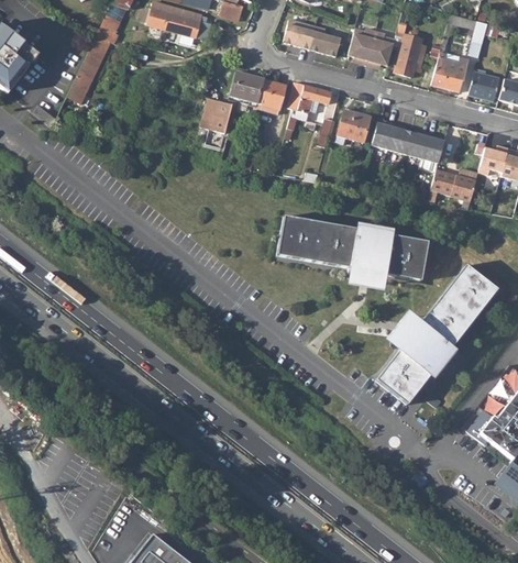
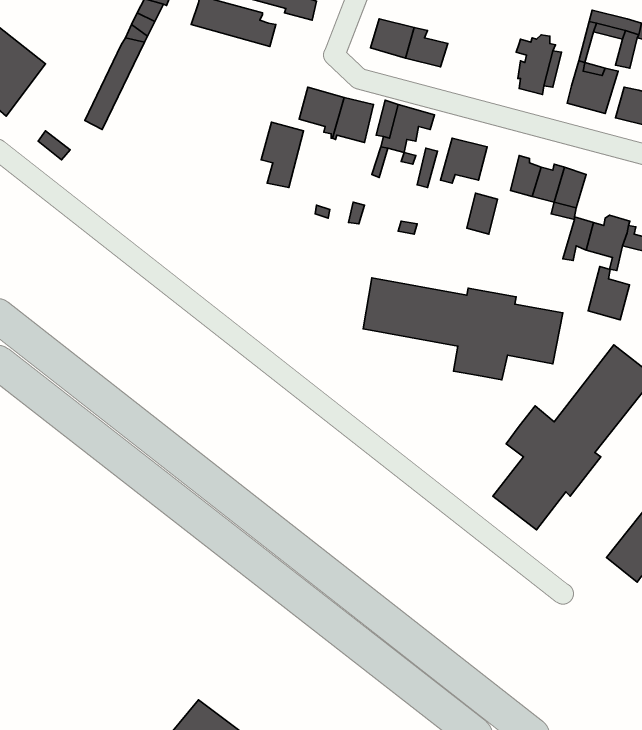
building: [348,29,395,67] -> none
building: [372,119,395,150] -> [467,193,497,234]
building: none -> [588,266,630,320]

